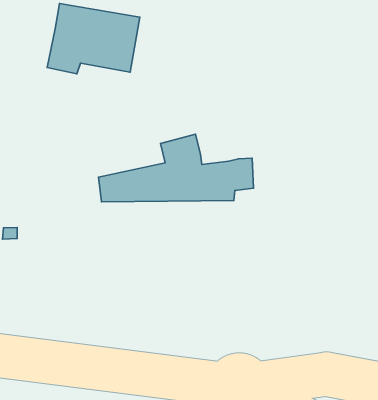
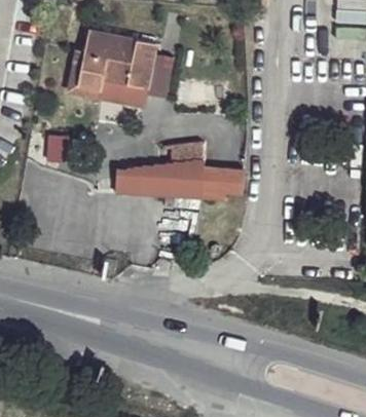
building: none -> [76,43,154,105]

